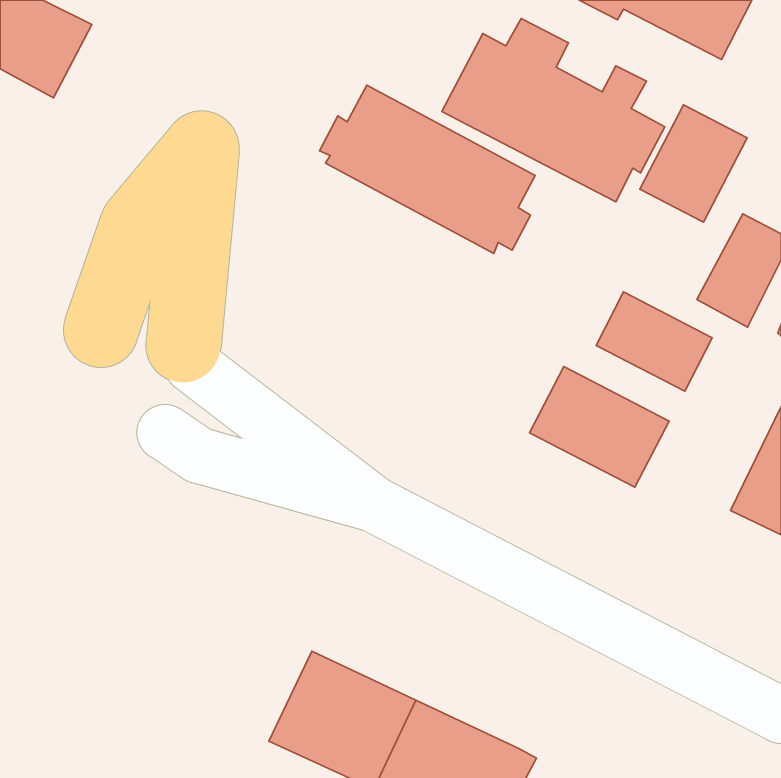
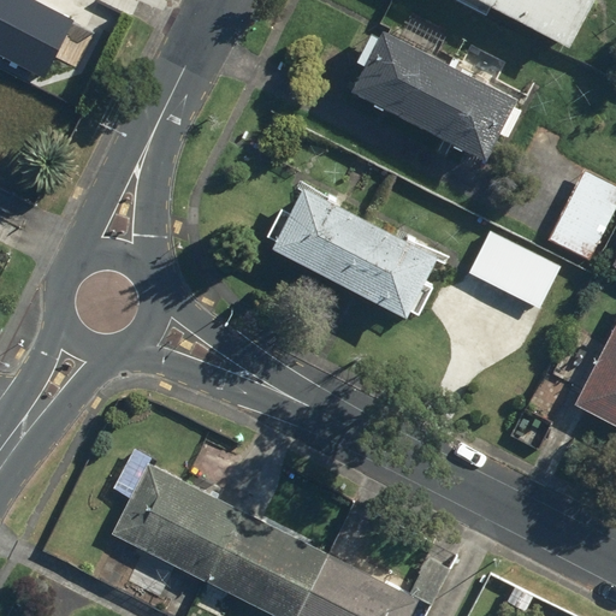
building: [320,85,535,253] -> [266,185,436,318]
building: [640,105,747,222] -> none
building: [530,367,669,487] -> none
building: none -> [112,449,242,584]

